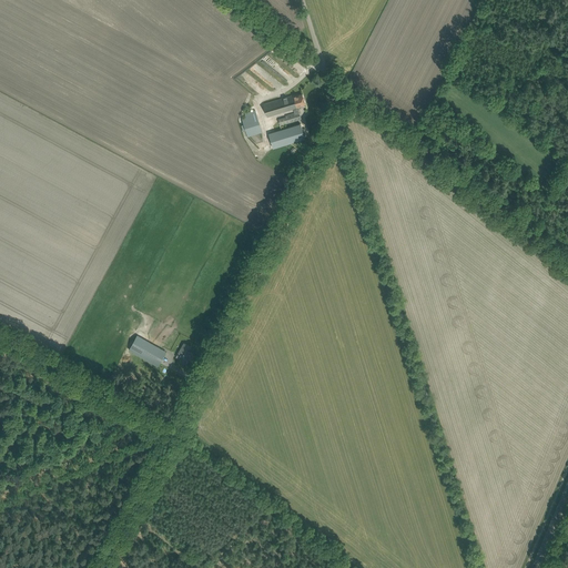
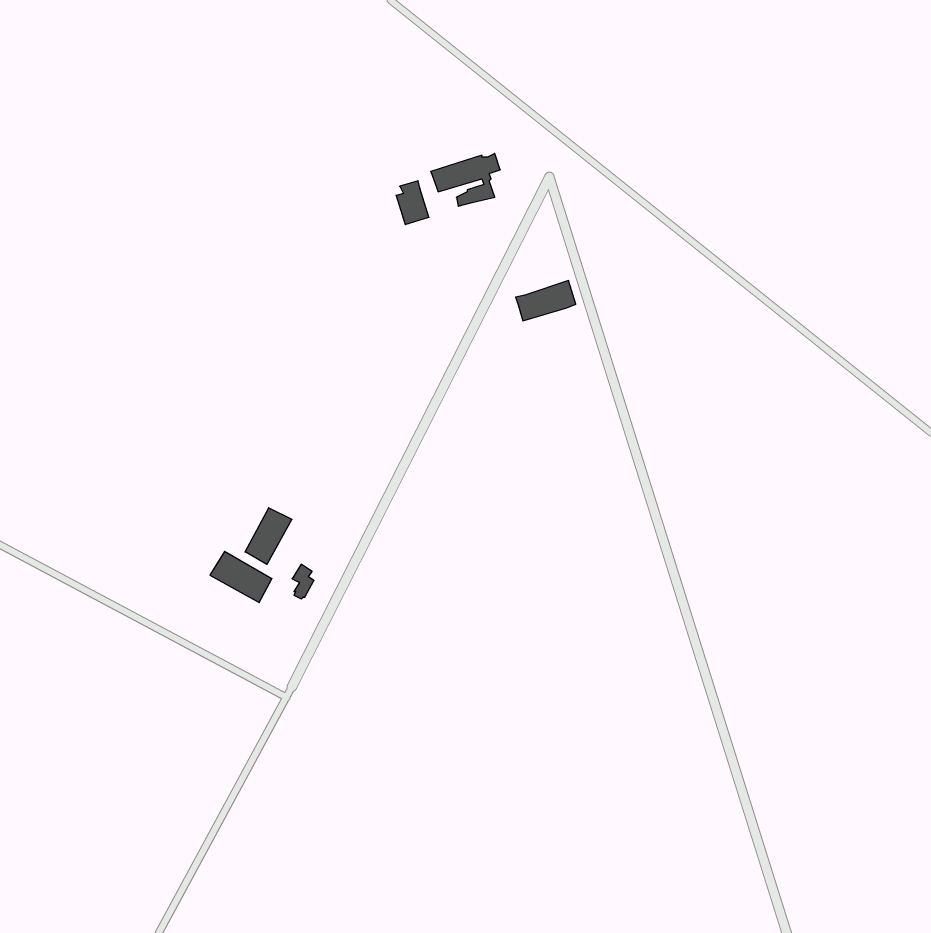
building: [267,123,304,148] -> [516,281,576,321]
building: none -> [245,508,292,564]

